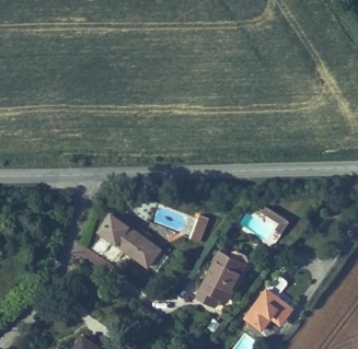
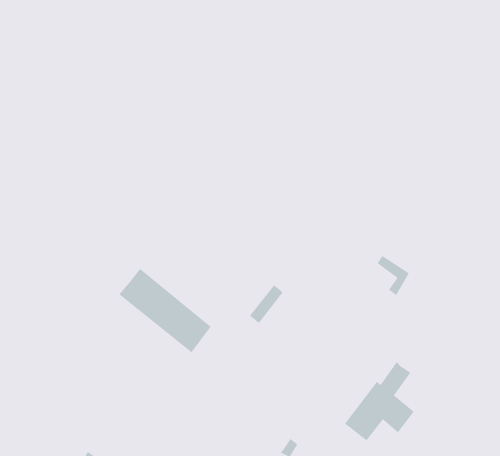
building: [197,253,243,306] -> none

